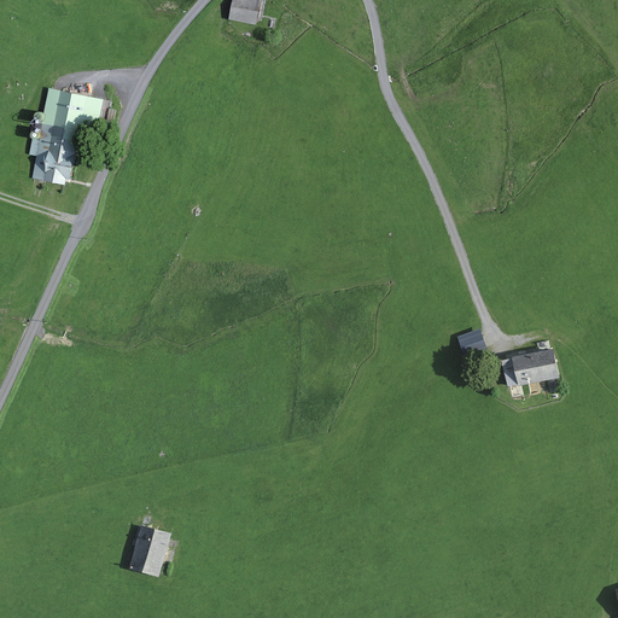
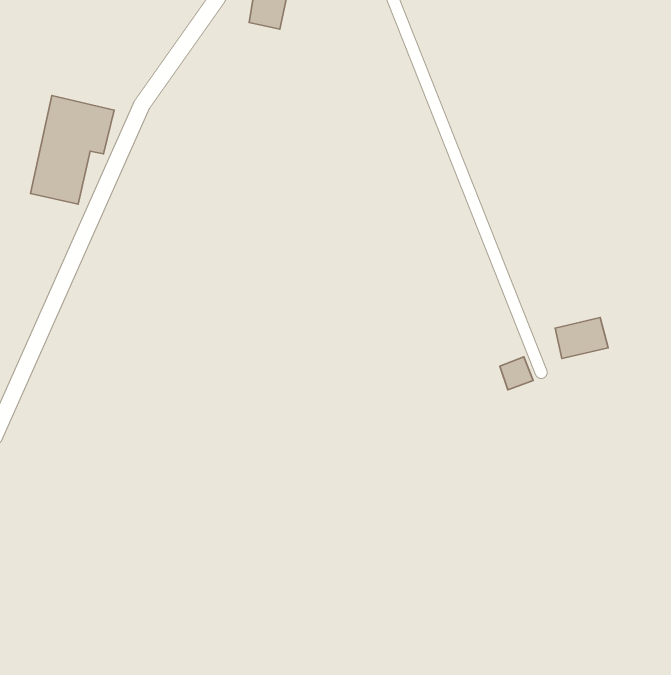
building: [512,348,560,385] -> [555,317,608,359]
building: [126,520,171,576] -> none

